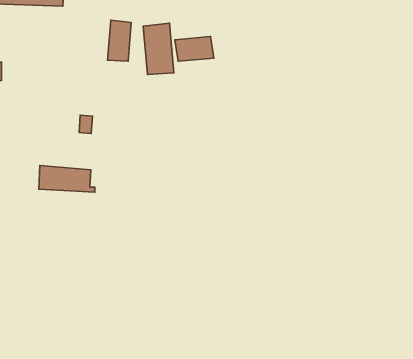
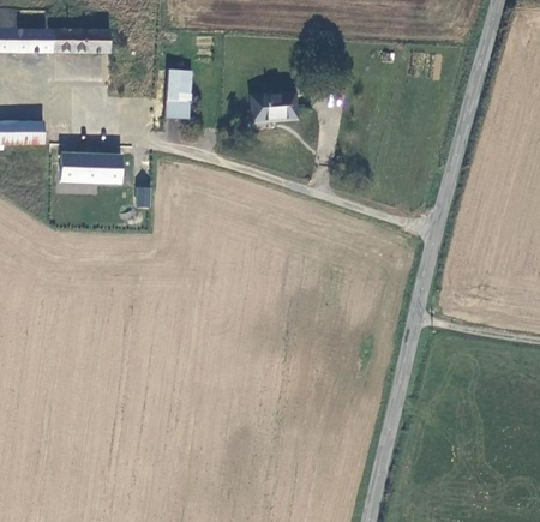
building: [143,23,174,74] -> none
building: [39,166,95,192] -> [55,151,121,182]

